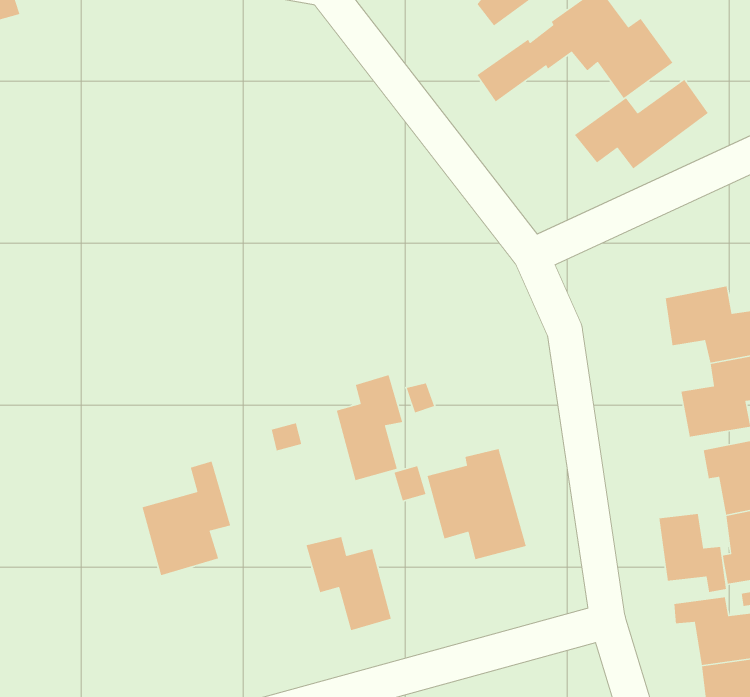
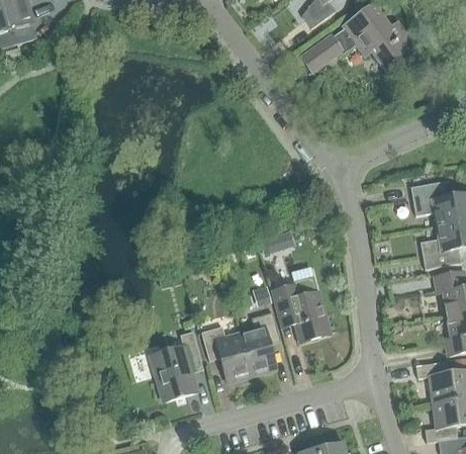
building: [574,79,709,169] -> none
building: [336,374,403,481] -> [241,312,280,375]
building: [141,460,231,576] -> [152,331,204,398]
building: [659,513,727,593] -> none

